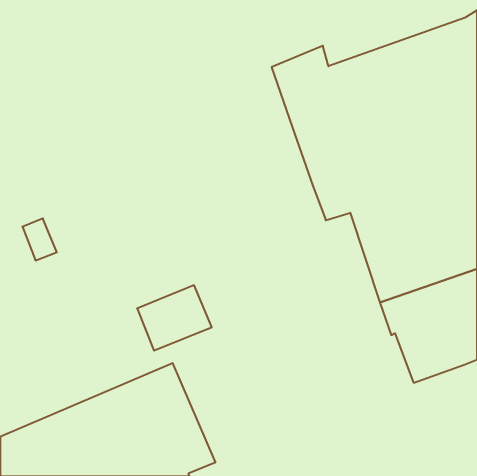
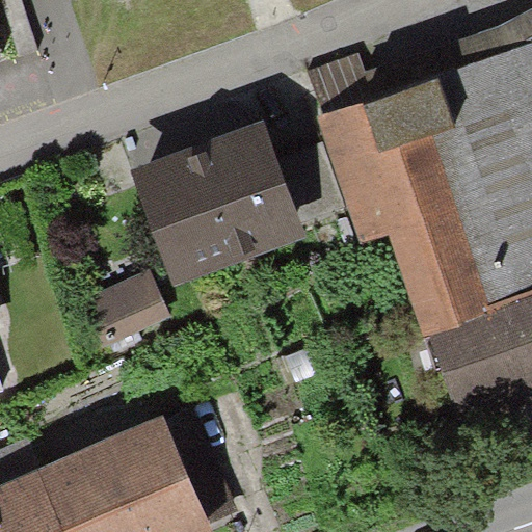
building: none -> [132,126,348,290]
building: [137,285,212,351] -> [85,274,168,347]

